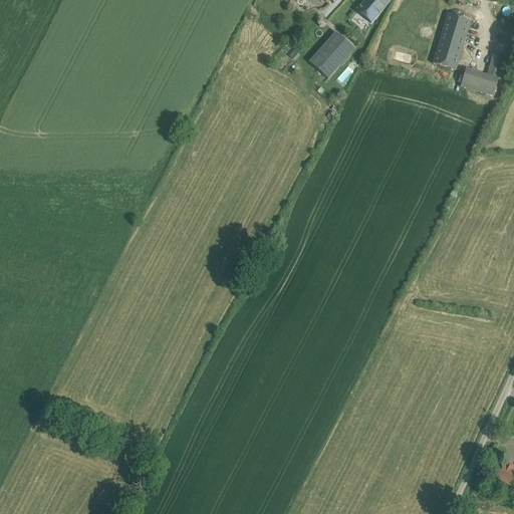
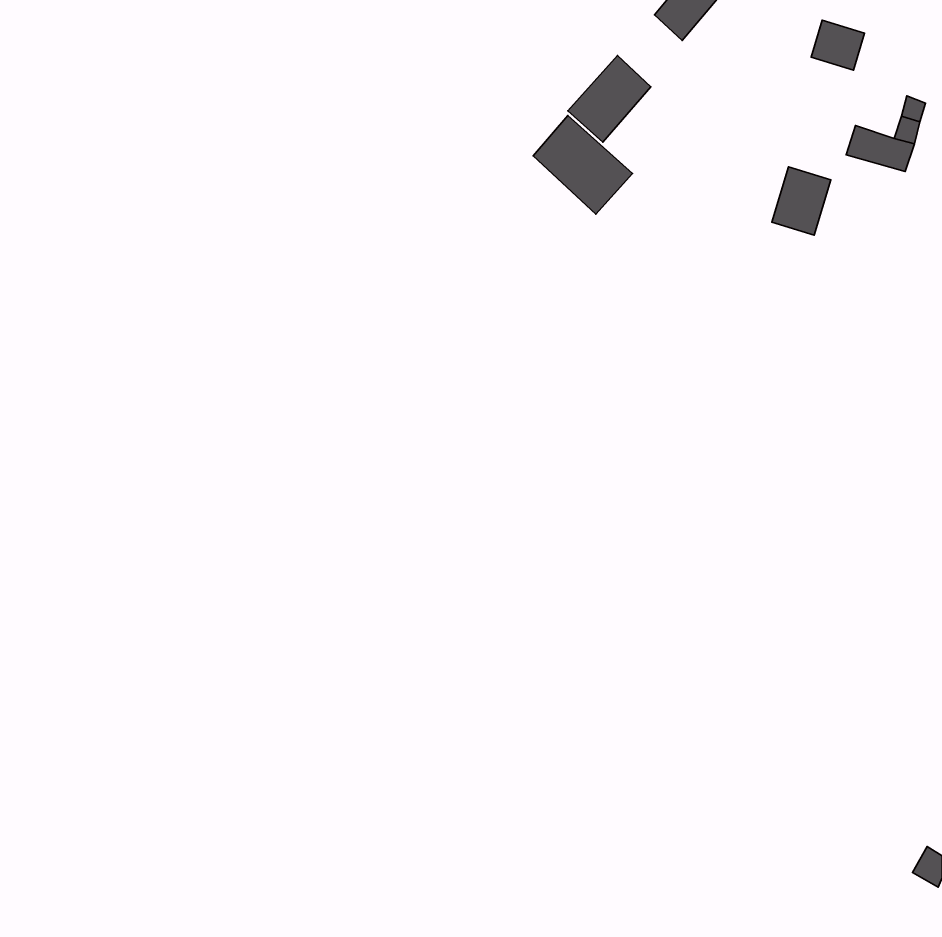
building: [433,31,465,68] -> [772,167,831,235]
building: none -> [533,115,633,214]

